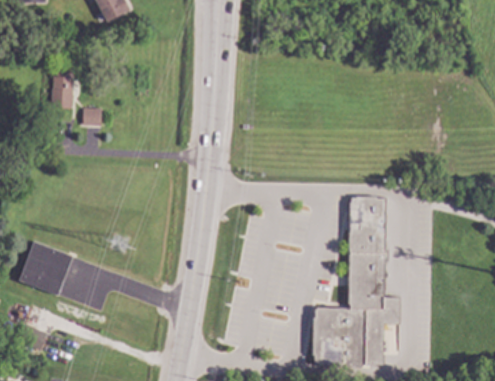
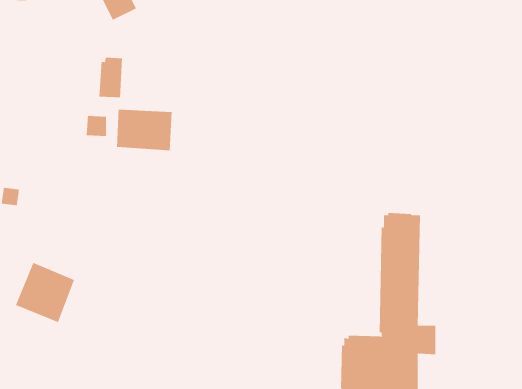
building: [51,72,73,109] -> [99,57,123,98]
building: none -> [117,109,172,151]

